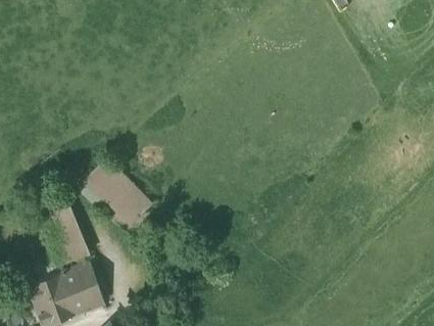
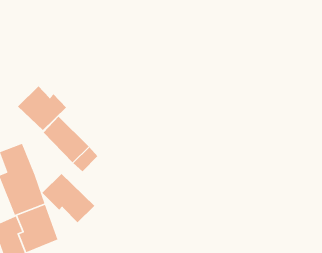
building: none -> [17,85,67,131]
building: none -> [42,173,95,223]

